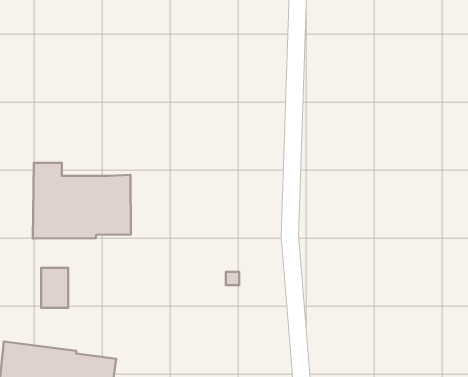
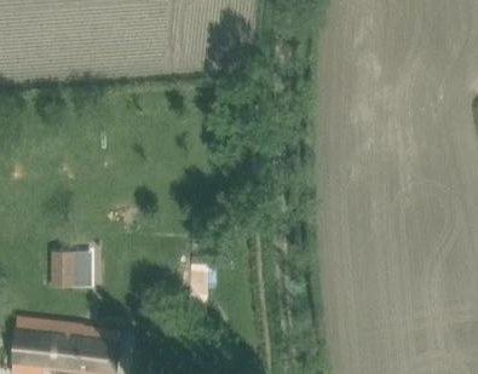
building: [33,163,131,239] -> none

